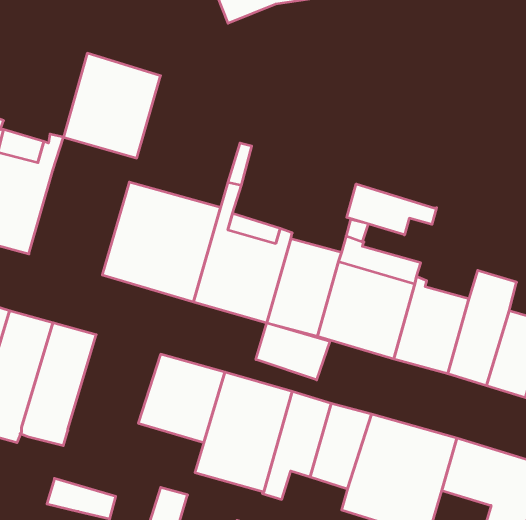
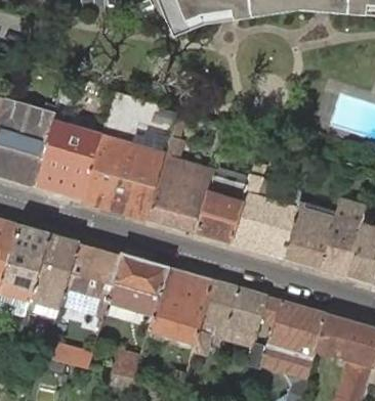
building: [63,53,161,158] -> [33,129,99,201]
building: [347,184,437,235] -> none
building: [256,323,330,380] -> none
building: none -> [59,241,123,318]

